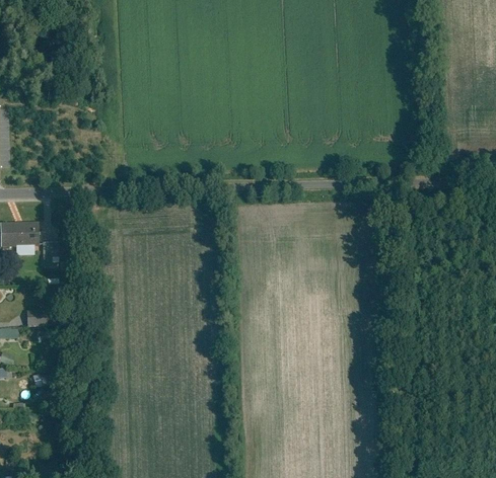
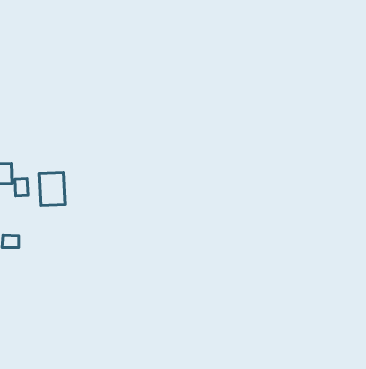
building: none -> [39,173,65,206]

